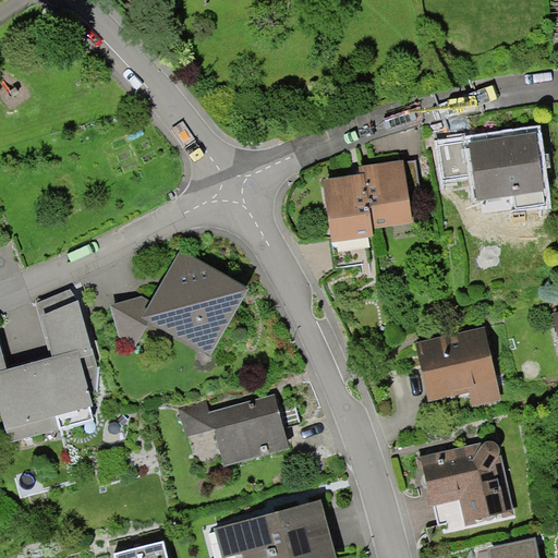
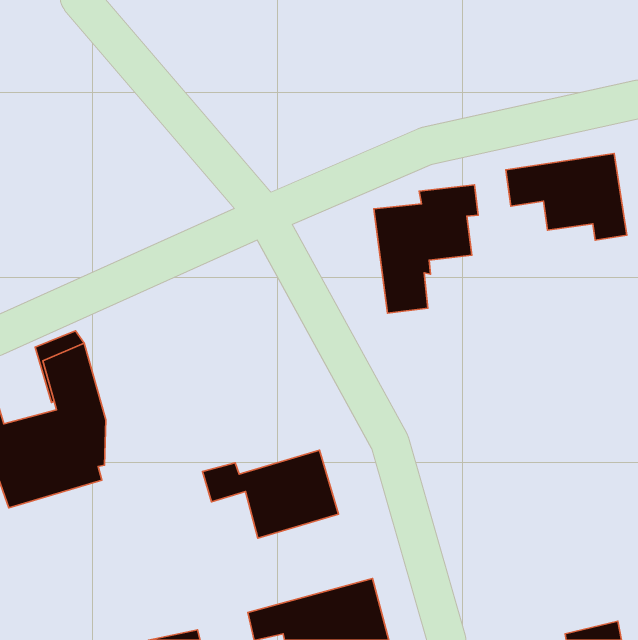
building: [108,251,250,361] -> none
building: [412,324,500,408] -> none
building: [416,439,513,537] -> none

